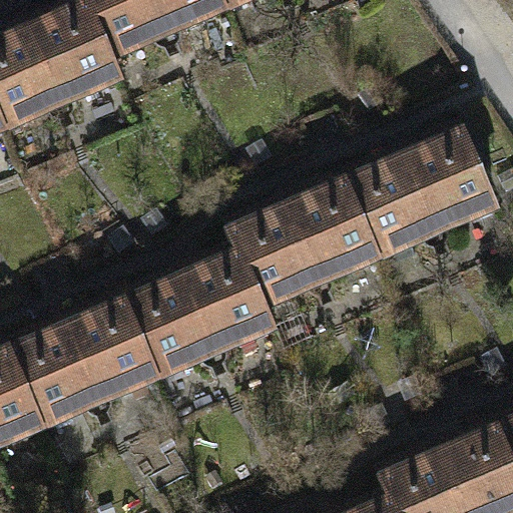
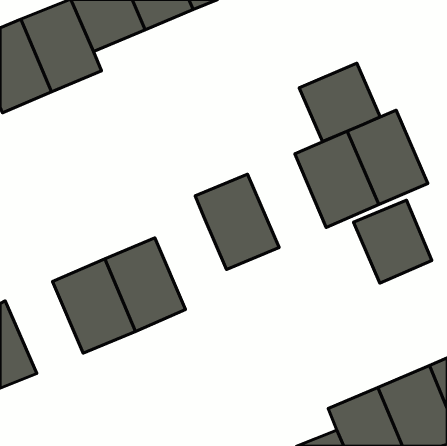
building: none -> [299,63,380,142]
building: [284,176,374,284] -> none
building: none -> [354,200,432,283]
building: [177,248,270,355] -> none
building: [6,323,95,428] -> none

